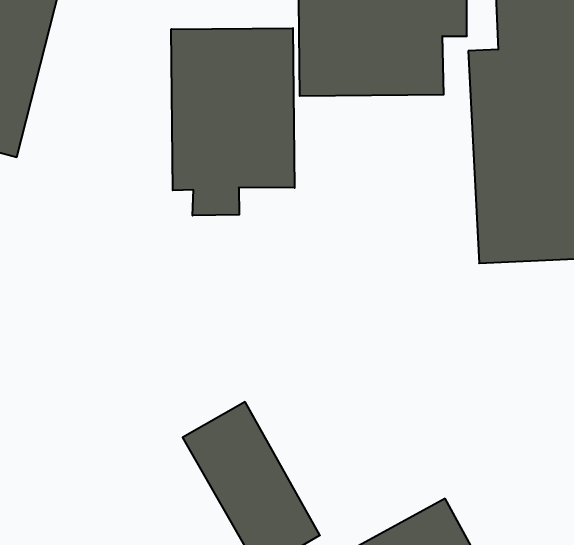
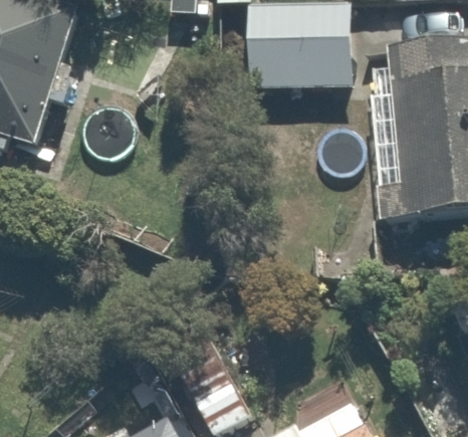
building: [171,28,295,216] -> none

